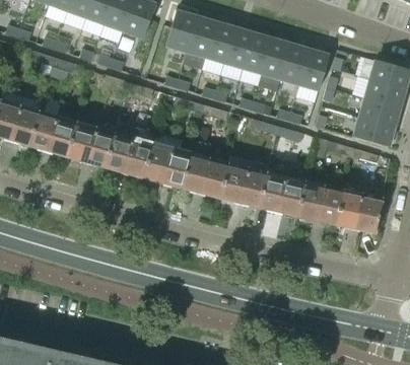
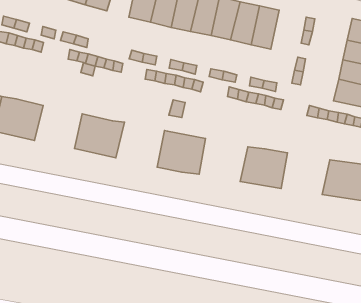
building: [296,47,327,88] -> none
building: [67,124,114,166] -> none
building: [143,144,192,189] -> none
building: [221,155,270,207] -> none
building: [298,182,346,224] -> none

